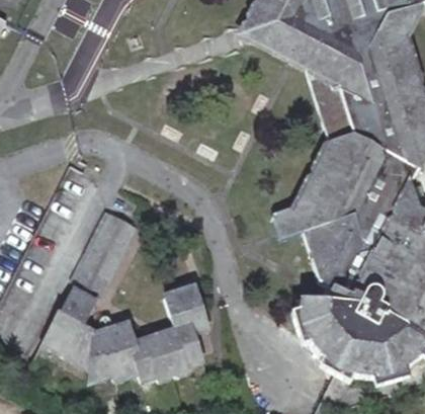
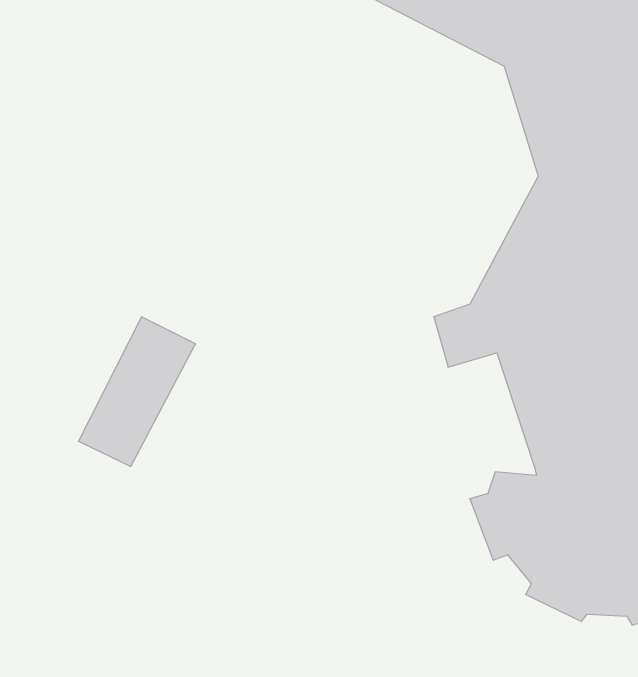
building: [37,274,212,382] -> none

